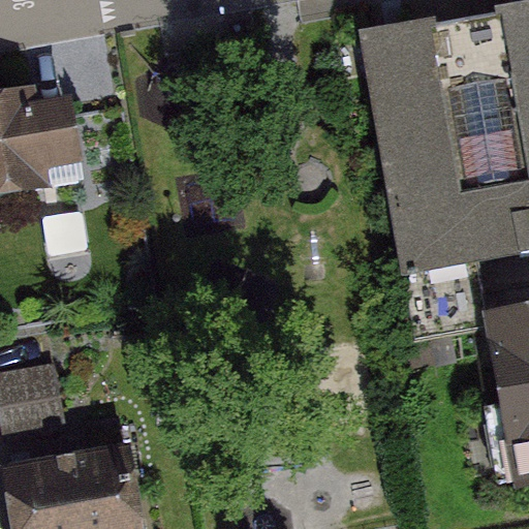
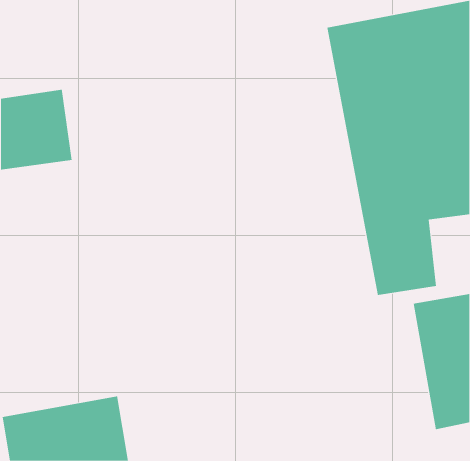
building: [4,355,73,421] -> none

